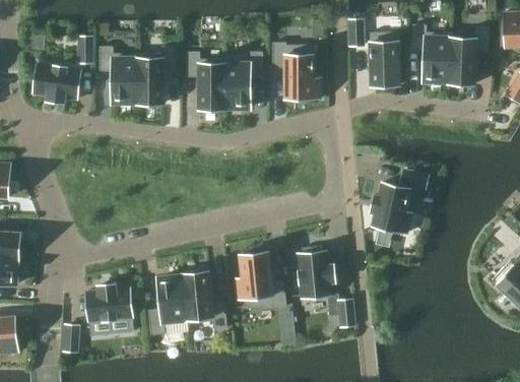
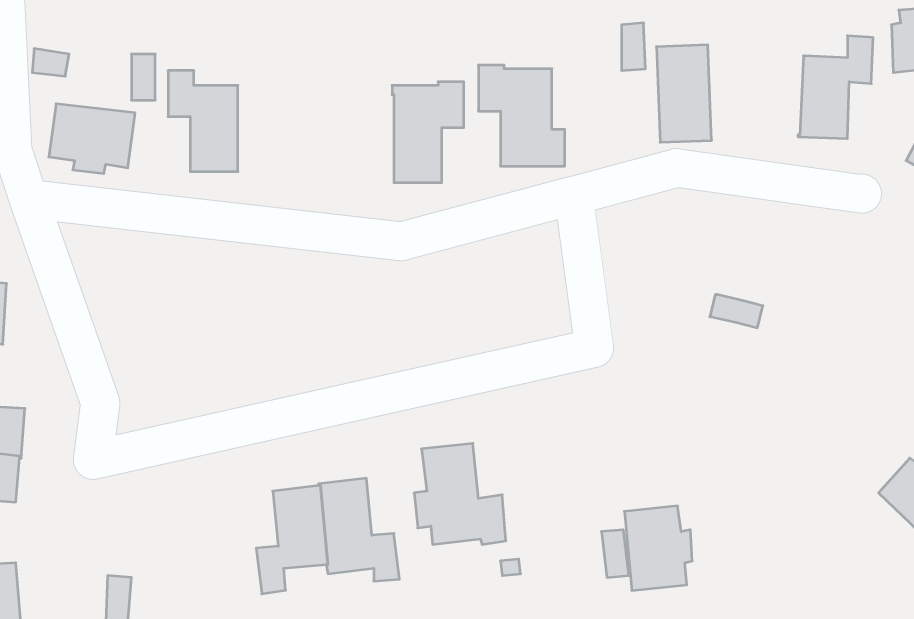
building: [412,25,452,82] -> none
building: [137,47,177,105] -> none
building: [187,53,225,110] -> none
building: [371,184,412,234] -> none
building: [298,252,335,299] -> [624,506,692,590]
building: [86,284,133,323] -> none

